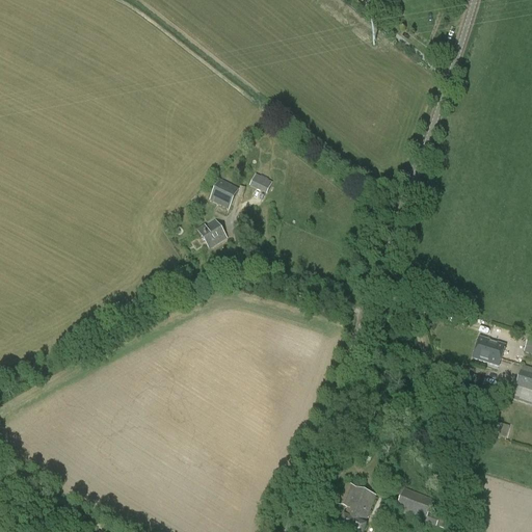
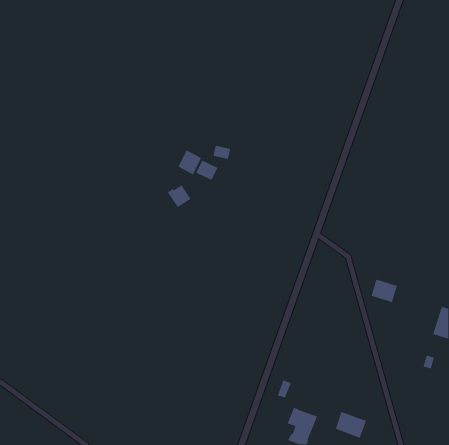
building: none -> [195,160,219,181]
building: [473,335,505,364] -> [371,278,398,303]

